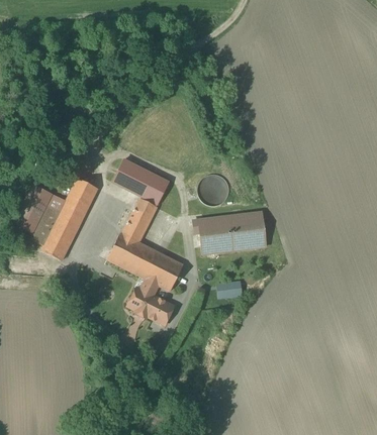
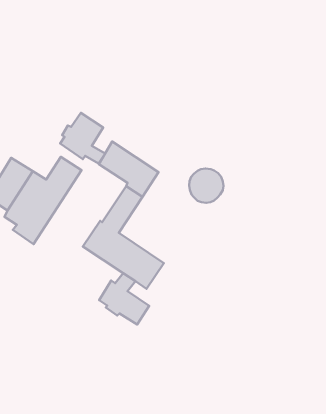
building: none -> [60,113,105,164]
building: [193,211,266,253] -> none
building: [214,281,241,296] -> none

